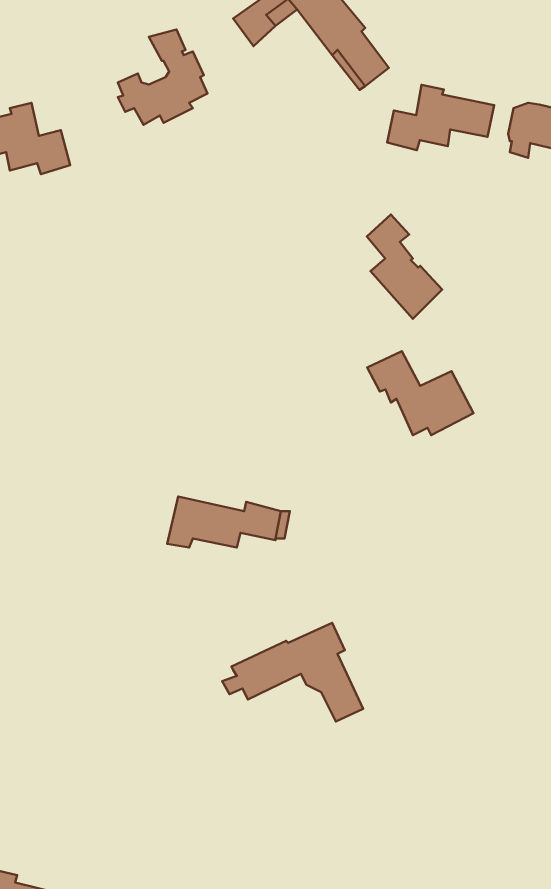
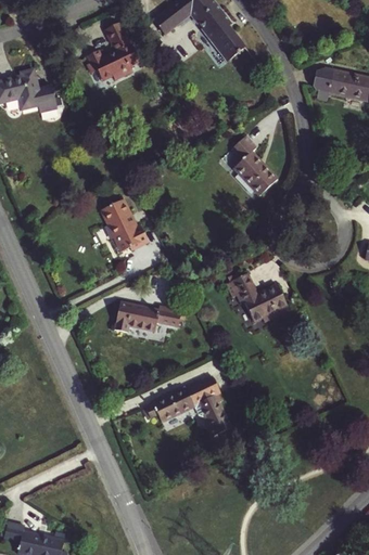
building: [387,85,494,150] -> none
building: none -> [99,198,148,253]
building: [367,351,473,435] -> [226,272,289,322]

